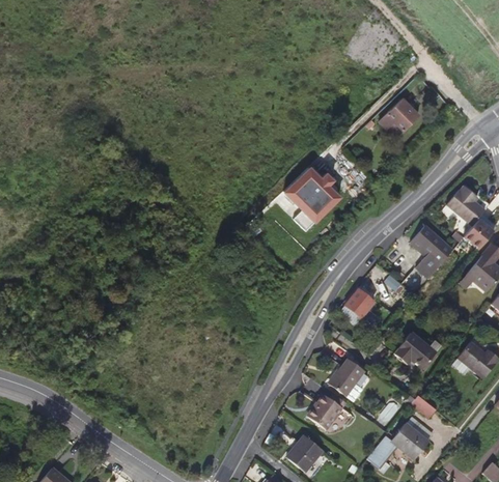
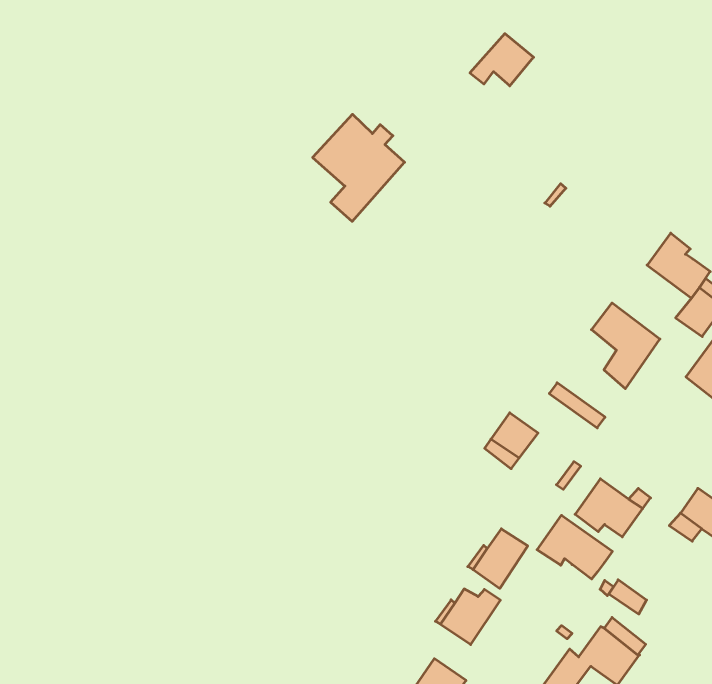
building: [373,104,413,136] -> [470,34,534,86]
building: [280,174,336,239] -> [313,114,405,221]
building: none -> [537,515,612,579]

